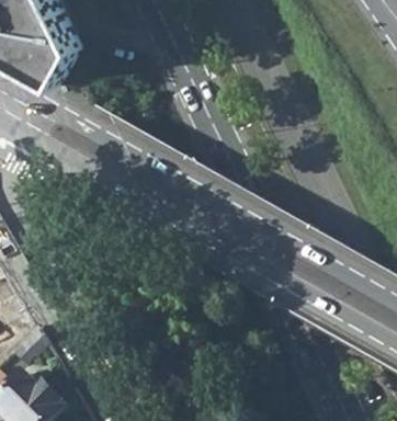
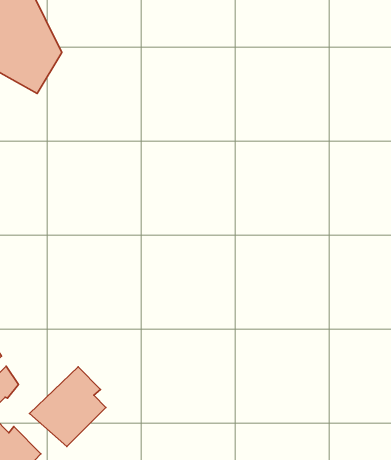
building: none -> [30,367,106,447]

